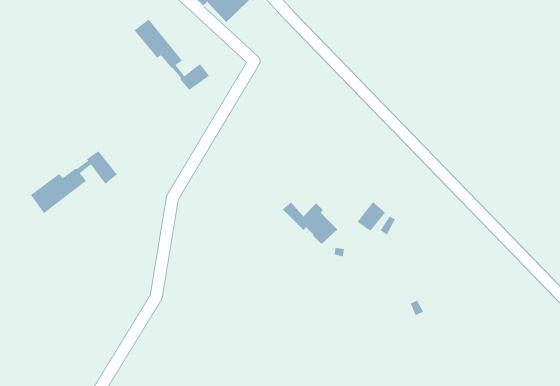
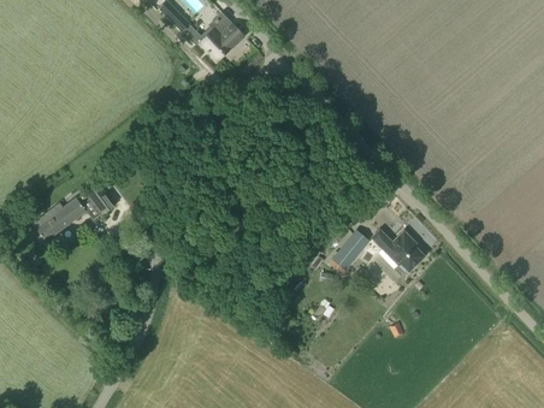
building: [133,18,210,91] -> none
building: [282,201,338,245] -> [371,229,424,270]

